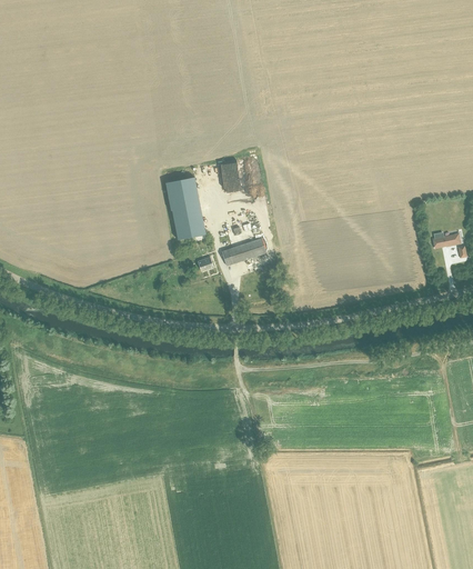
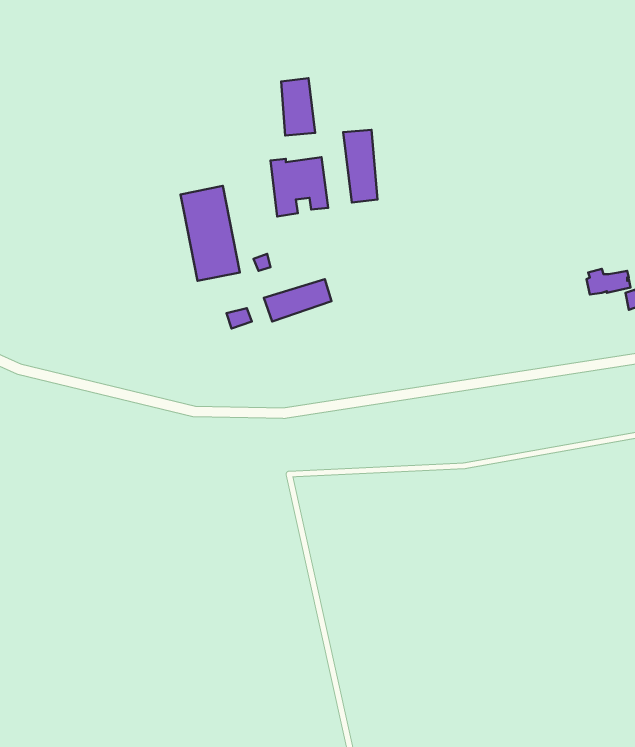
building: none -> [281,78,315,136]
building: none -> [343,130,378,203]

